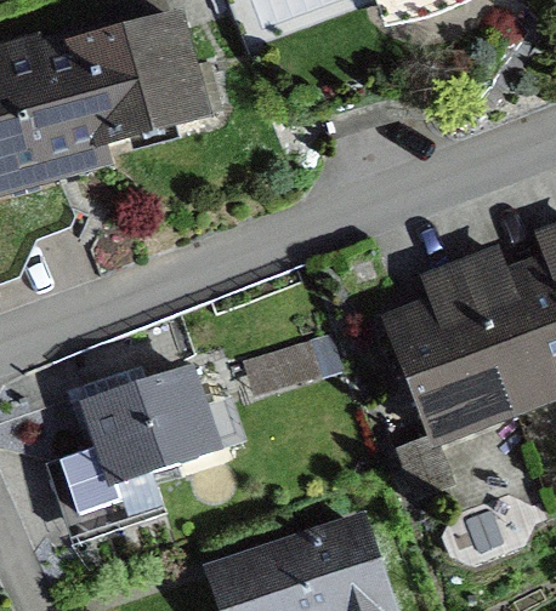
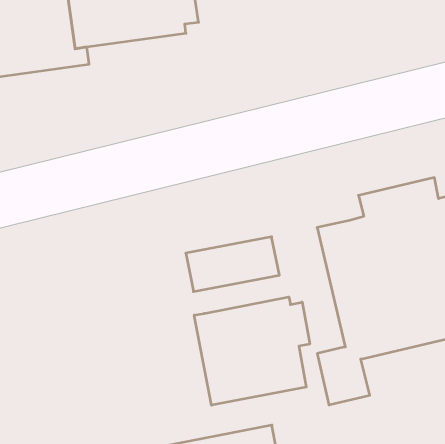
building: [76,364,212,491] -> none
building: none -> [194,297,310,405]

